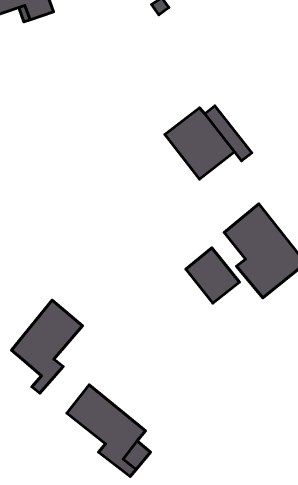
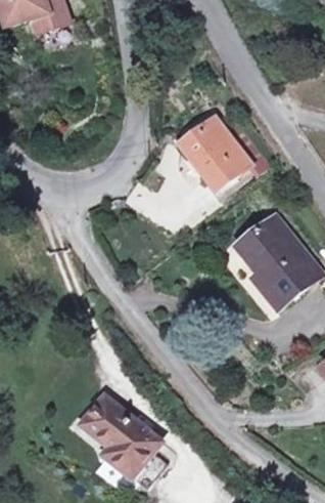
building: [186,248,240,303] -> none
building: [11,300,82,393] -> none

